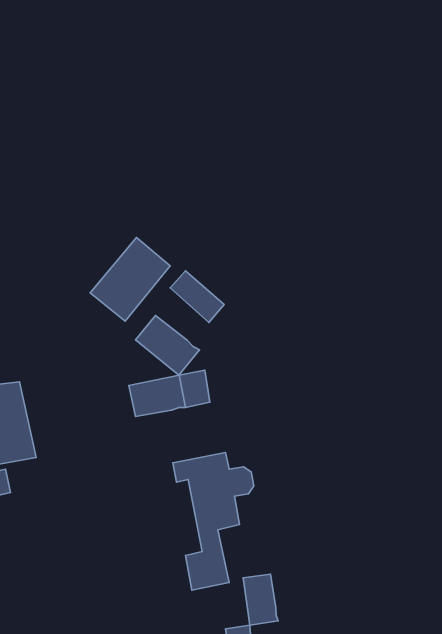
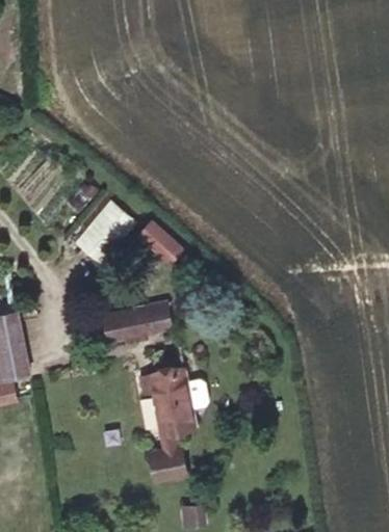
building: [136,316,199,375] -> none
building: [243,574,278,625] -> none

